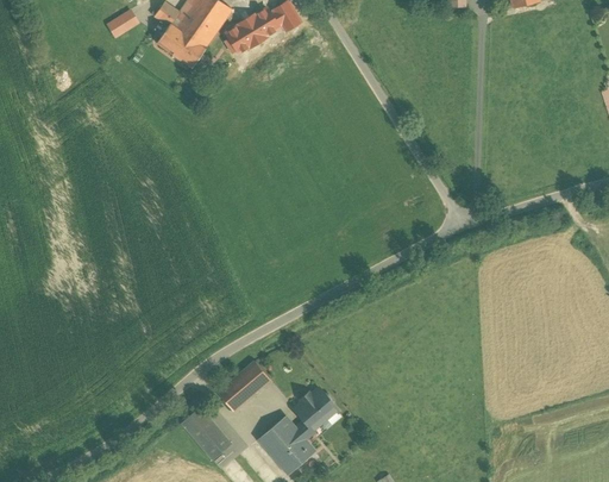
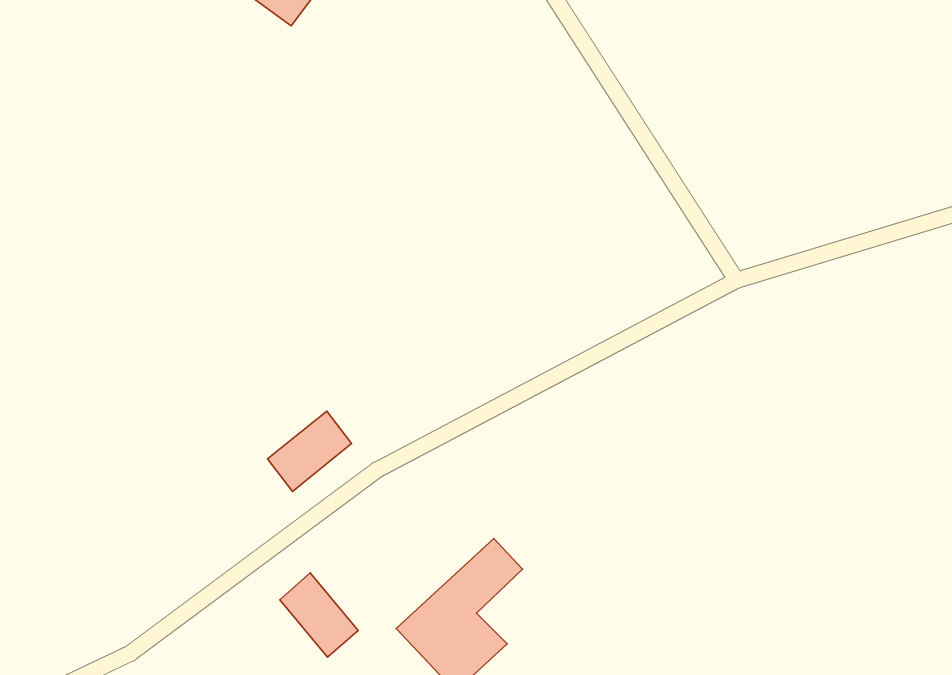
building: [220,359,272,409] -> [268,411,352,491]

